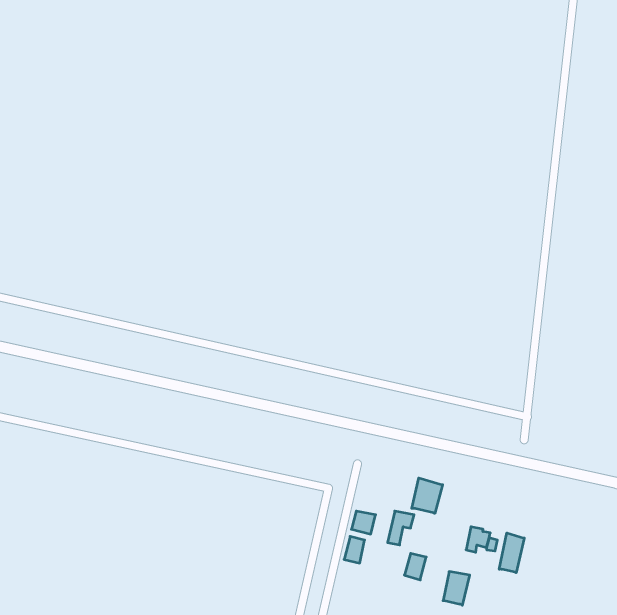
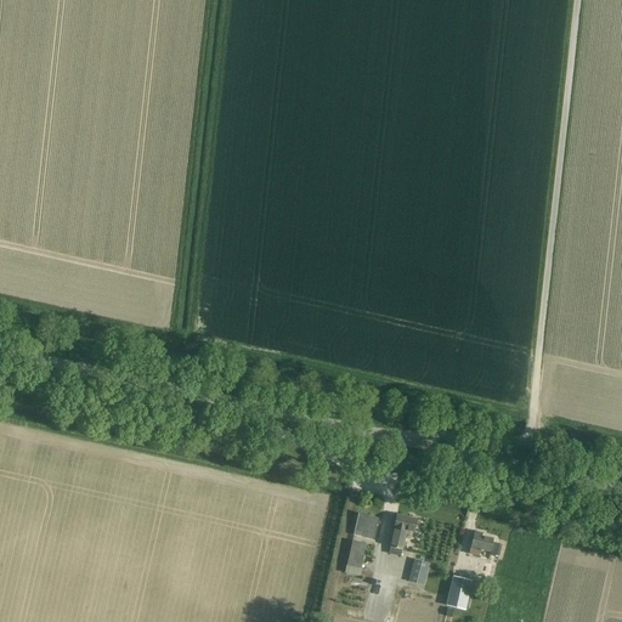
building: [412,478,443,513] -> none
building: [499,533,524,573] -> none

